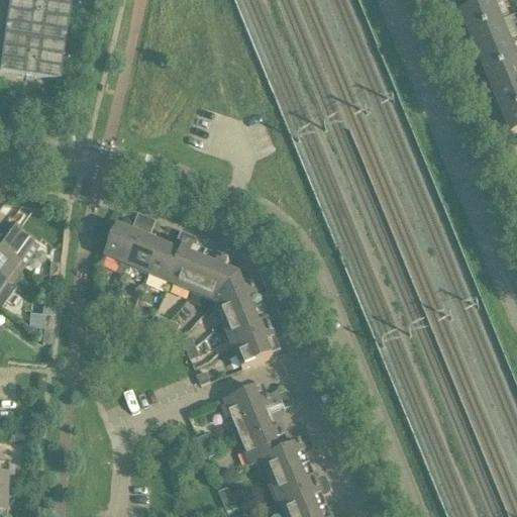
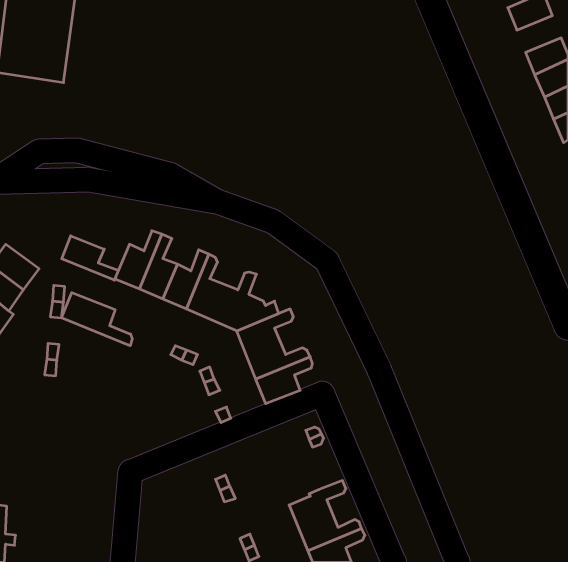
building: [468,14,508,47] -> none
building: none -> [62,236,118,280]
building: none -> [61,293,132,346]
building: [223,384,289,462] -> none

